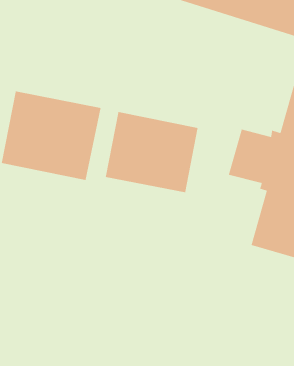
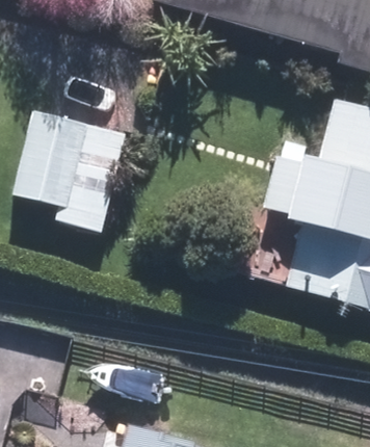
building: [105,111,199,193] -> none

